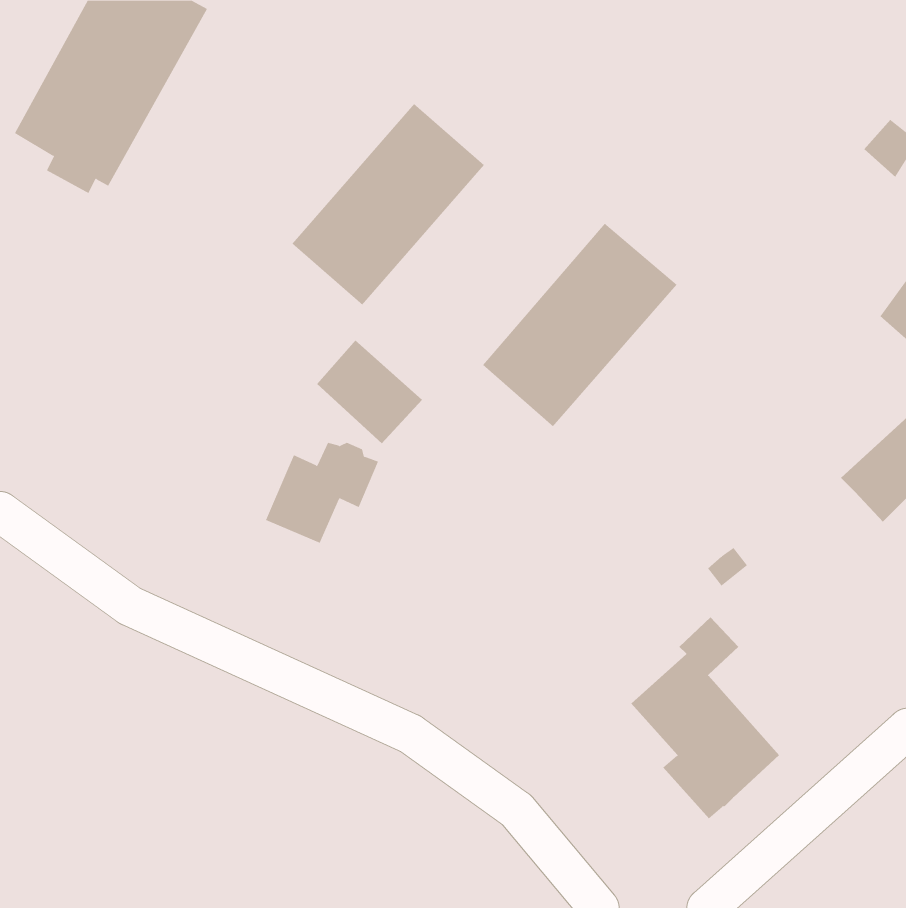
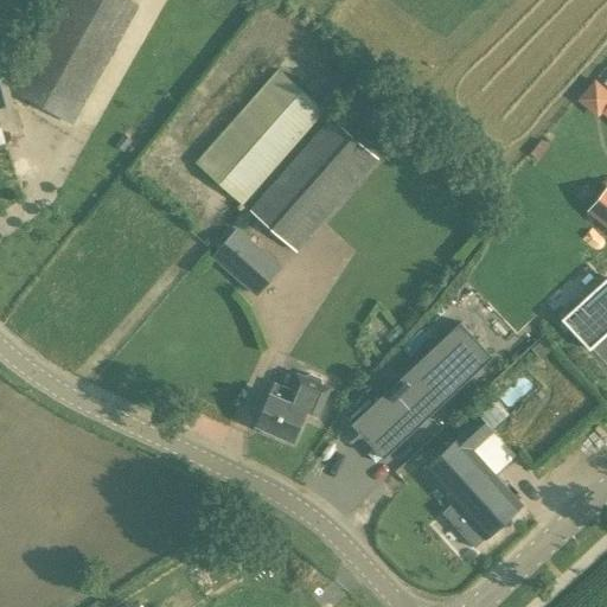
building: [482,223,677,427] -> [250,116,381,253]
building: [265,442,379,543] -> [256,373,332,441]
building: none -> [351,322,492,459]

